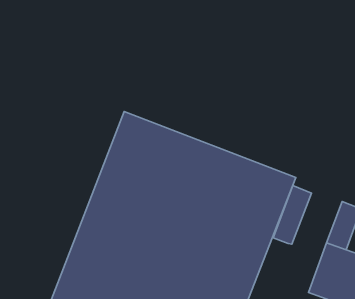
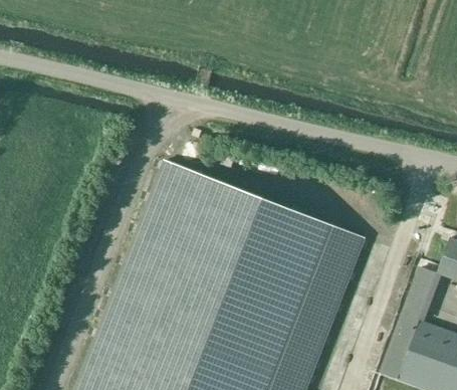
building: [273,185,311,244] -> none

